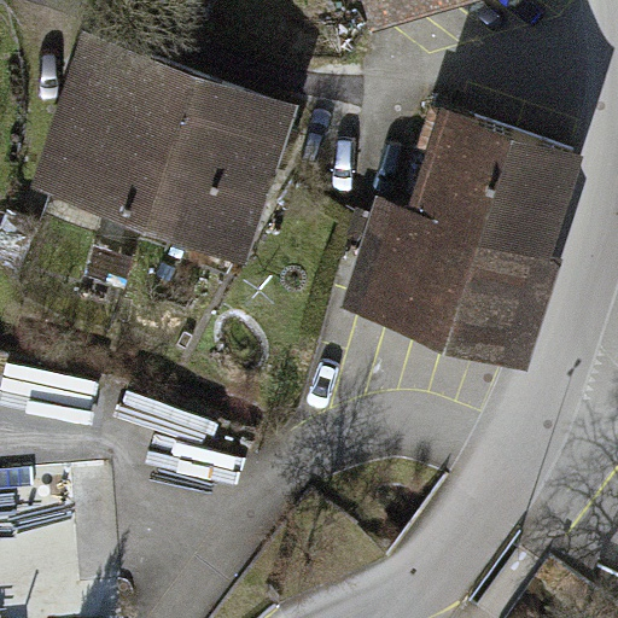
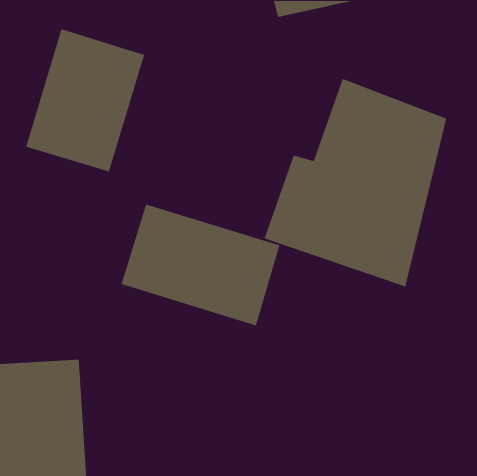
building: [141,74,297,260] -> none
building: none -> [120,204,281,326]

